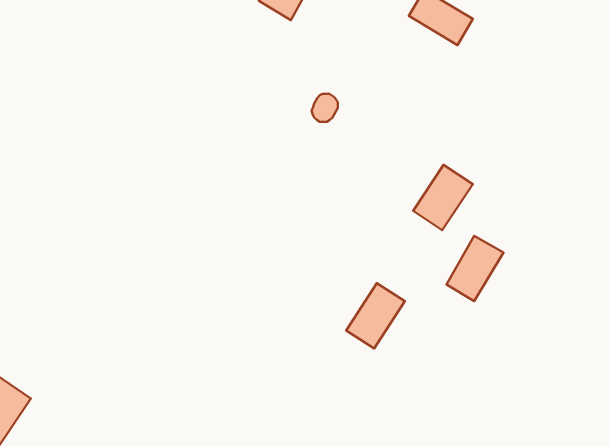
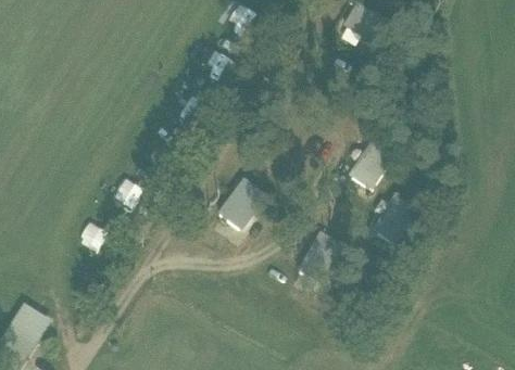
building: none -> [217,179,264,229]

